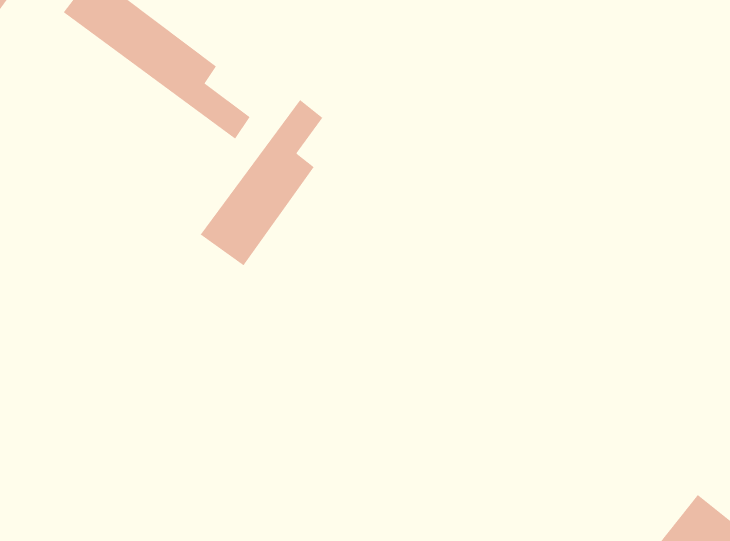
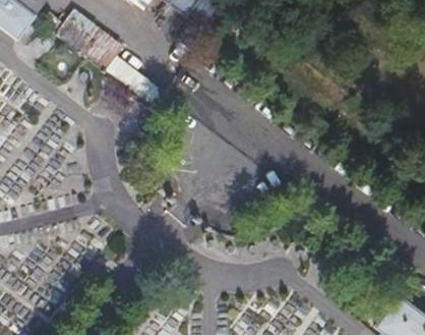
building: [200,99,323,266] -> none

